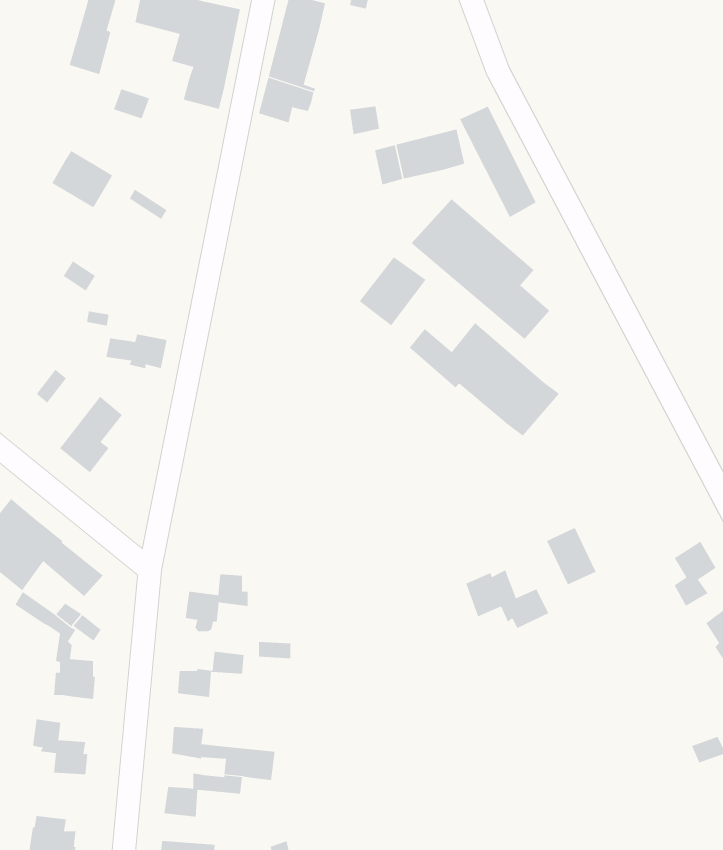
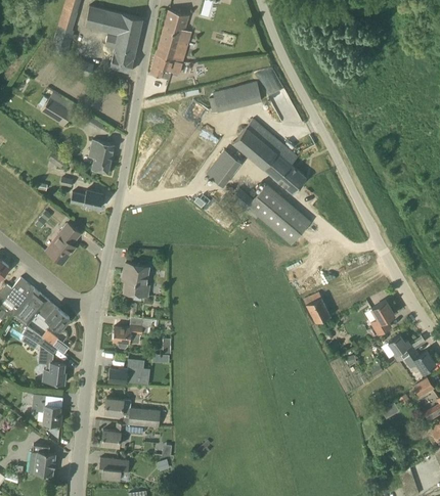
building: none -> [89,139,115,172]
building: none -> [123,263,148,302]
building: [465,570,549,629] -> none

